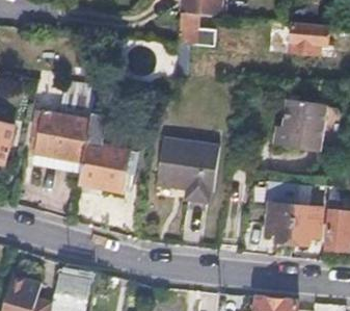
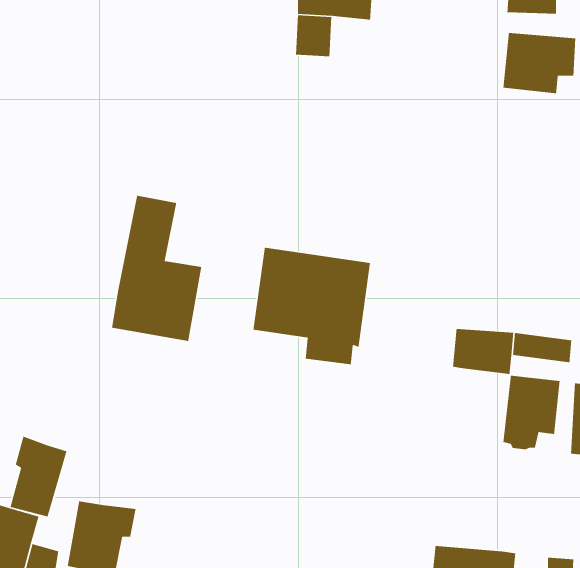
building: [34,78,100,161] -> none
building: [280,99,325,152] -> none
building: [266,203,295,244] -> none
building: none -> [10,435,67,518]

